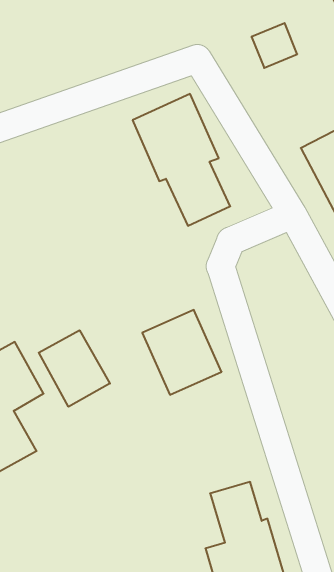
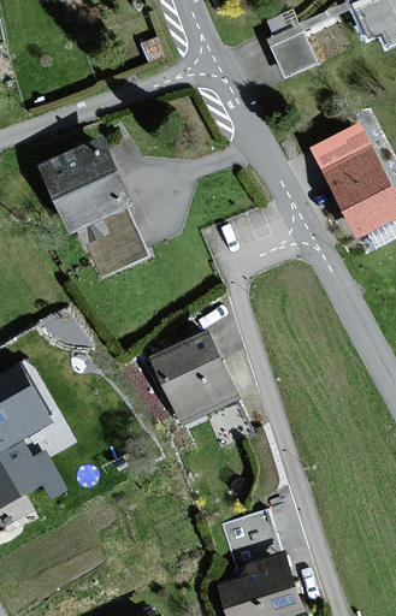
building: [133,94,230,226] -> [41,137,143,276]
building: [39,330,110,407] -> none

